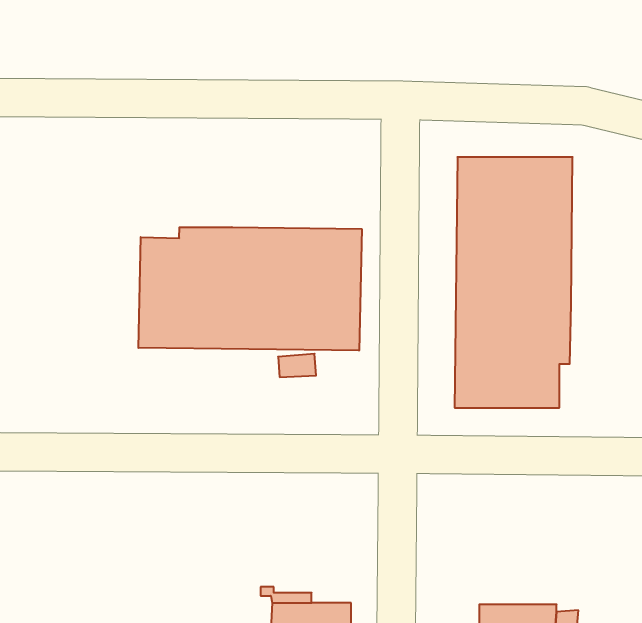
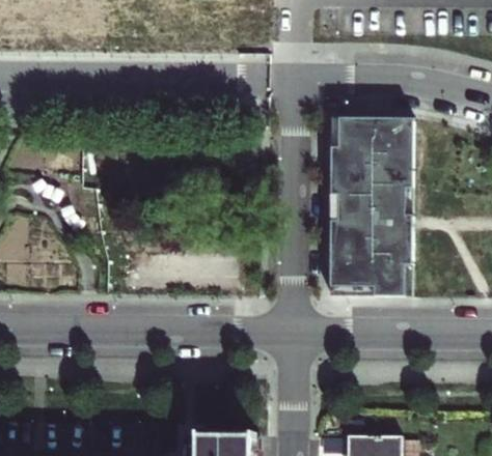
building: [138,227,362,351] -> none

